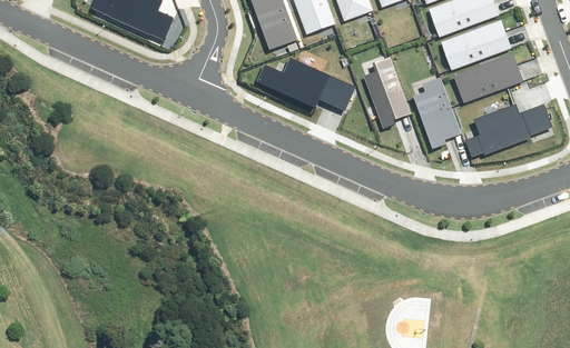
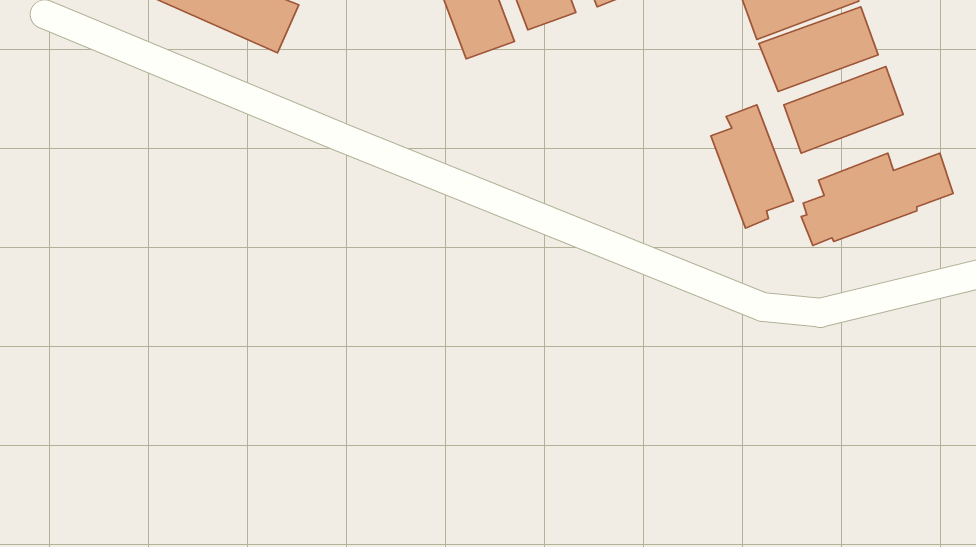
building: [256,56,357,112] -> none
building: [362,57,410,128] -> none

